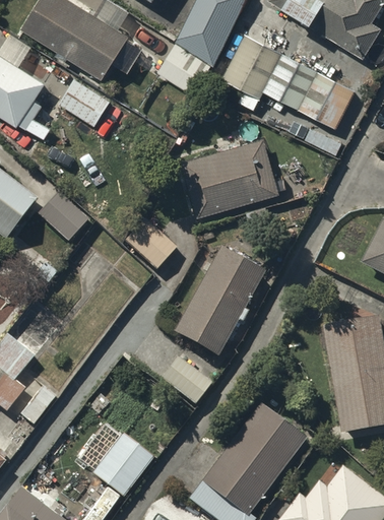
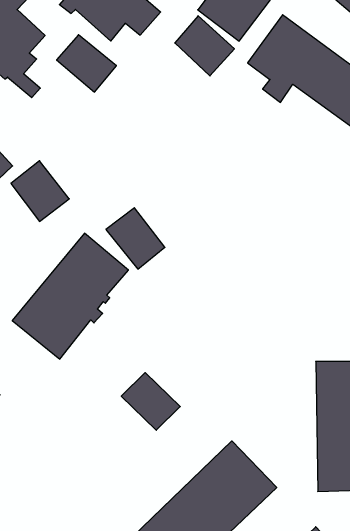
building: [181,139,280,217] -> none
building: [172,247,264,358] -> [12,233,128,359]
building: [91,433,156,500] -> none

